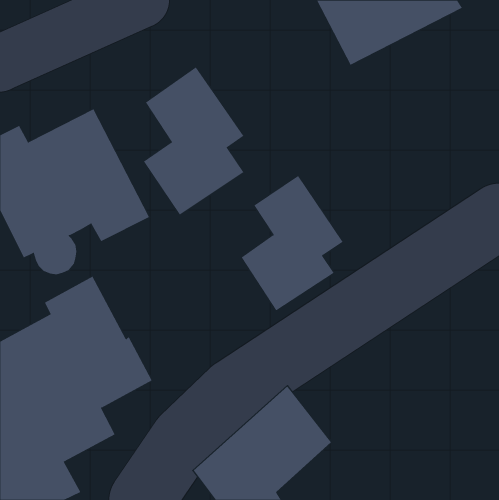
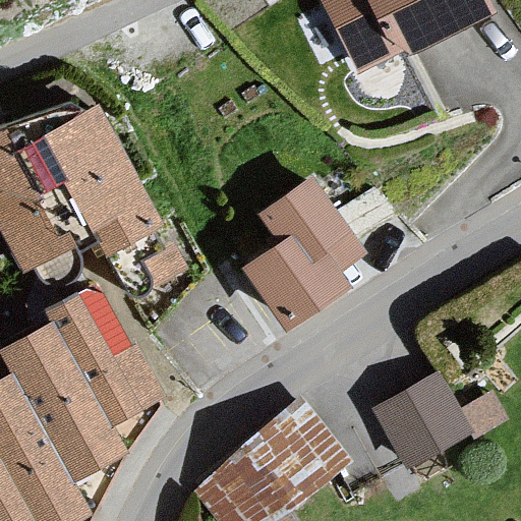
building: [143,67,244,216] -> none
building: none -> [382,379,499,462]

